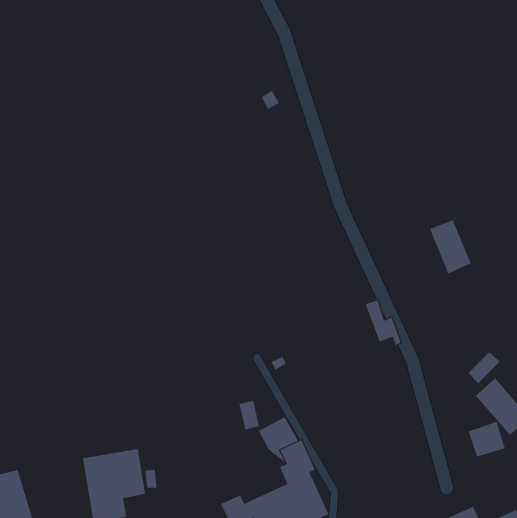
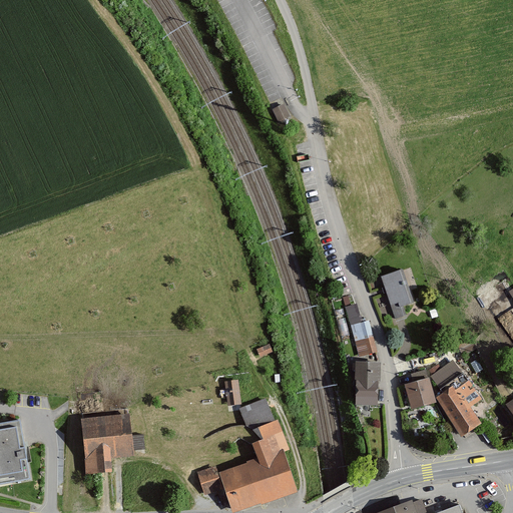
building: [429,220,471,274] -> [382,270,416,318]
building: none -> [354,362,381,405]
building: [468,421,506,457] -> [404,378,436,408]

